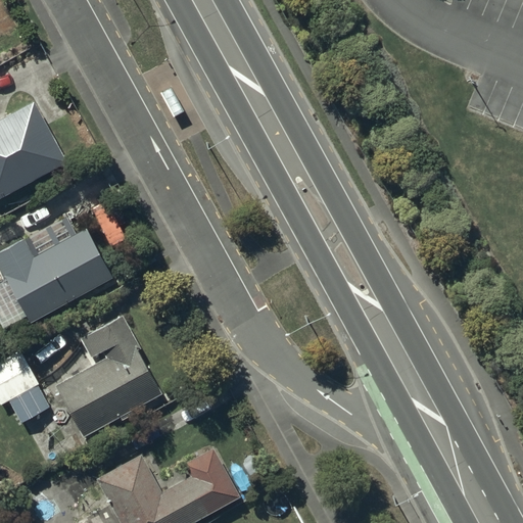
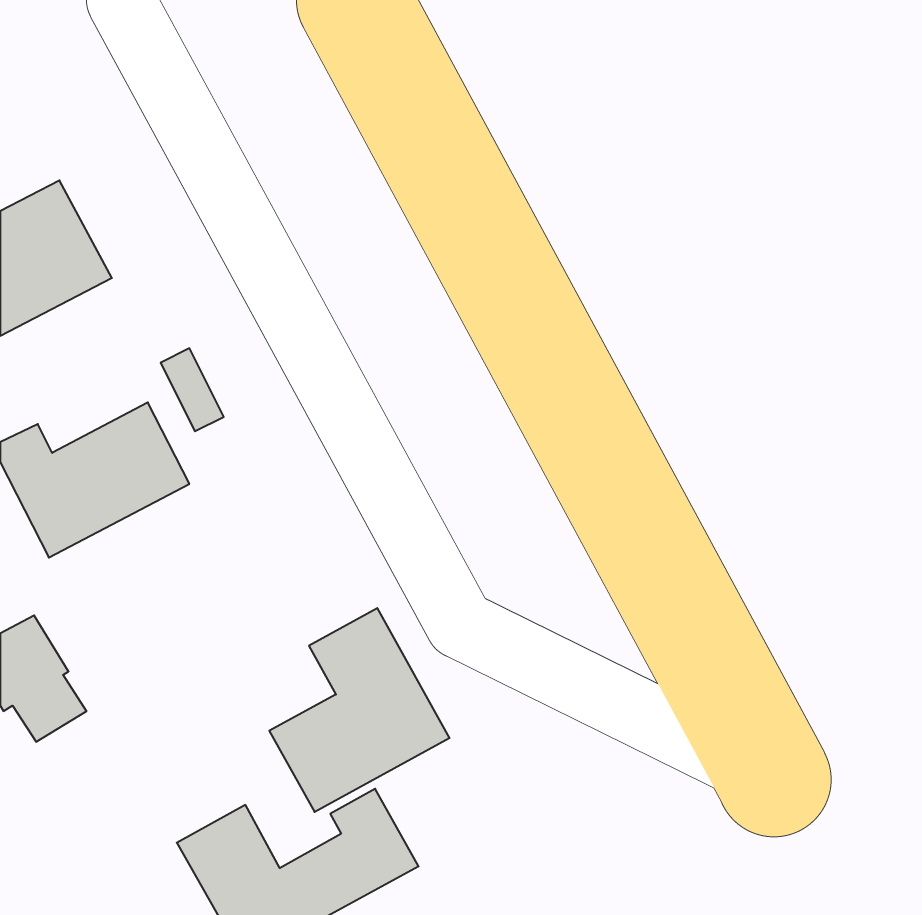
building: [57,318,159,433] -> [269,608,450,812]

